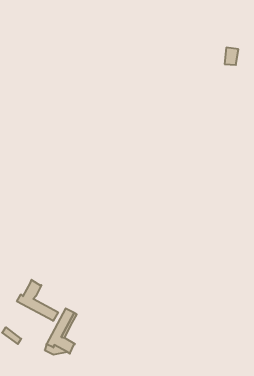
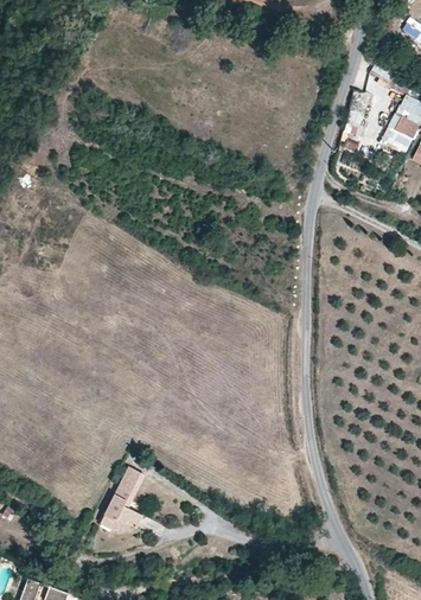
building: [17,280,58,321] -> none

